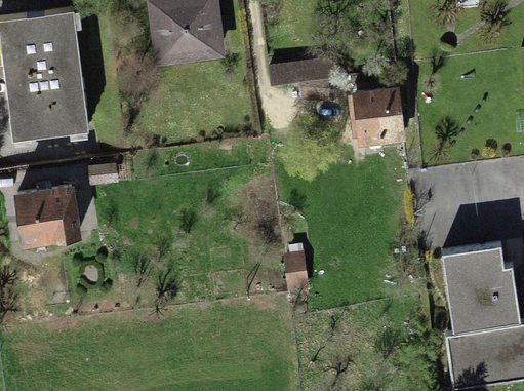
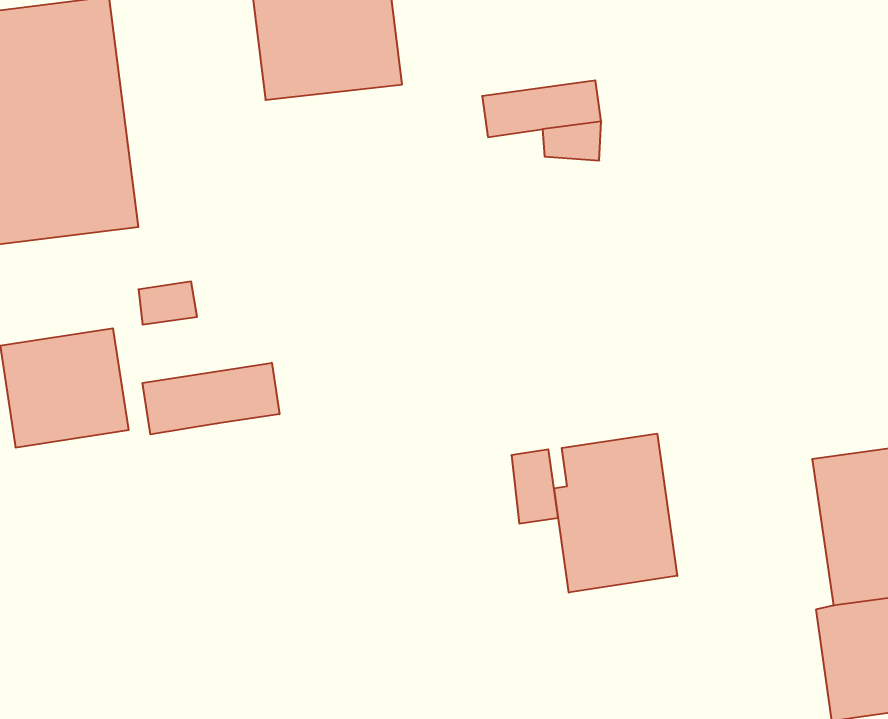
building: [352,85,405,148] -> none
building: none -> [143,363,279,434]
building: none -> [554,434,677,593]

